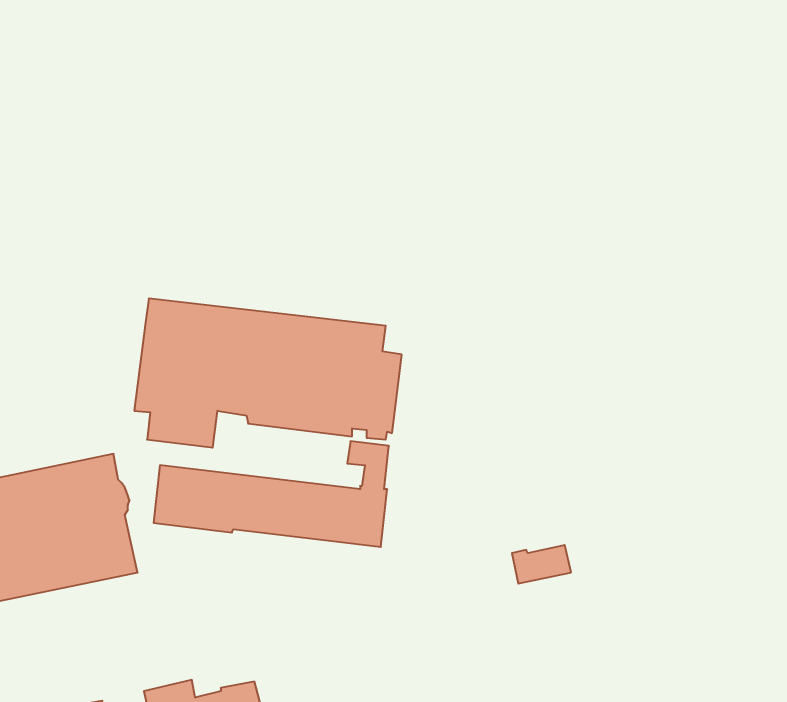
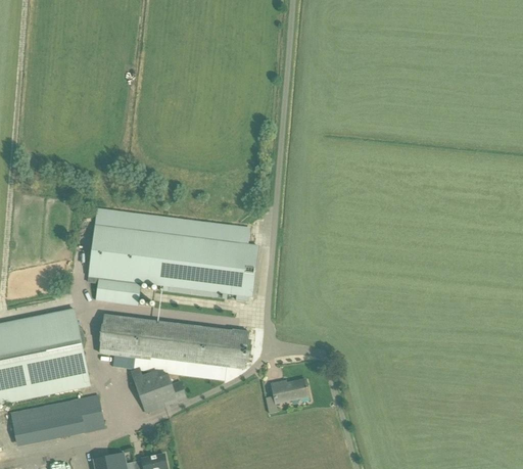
building: none -> [128,357,185,412]
building: [512,545,571,584] -> [271,377,308,402]
building: none -> [9,392,104,445]

